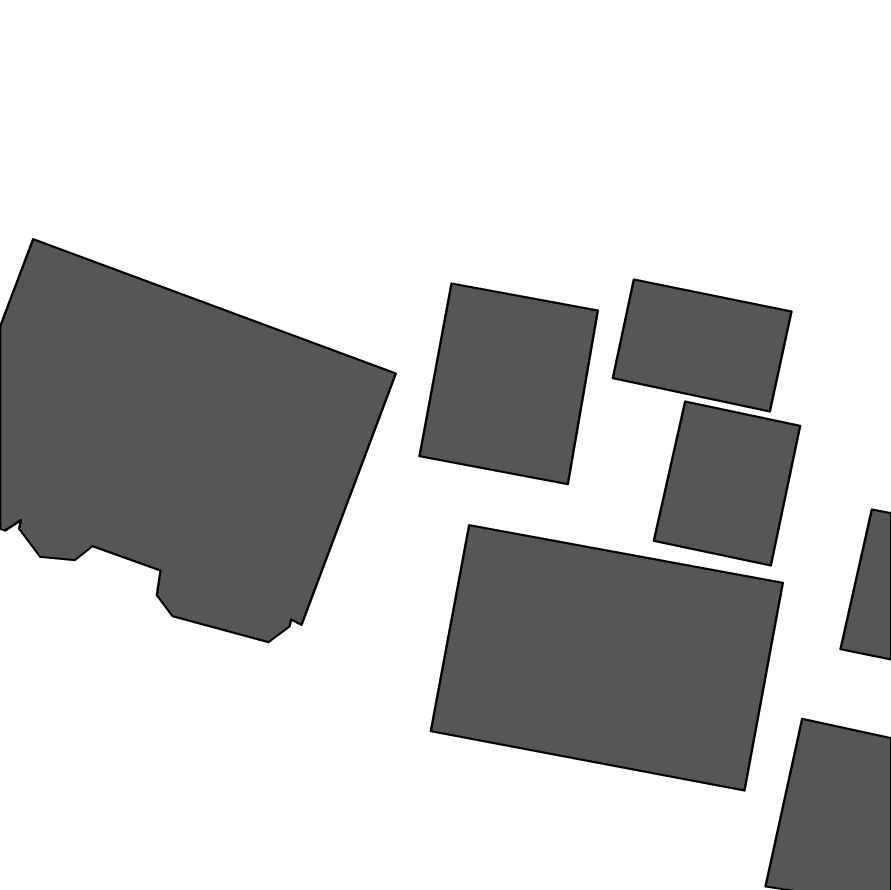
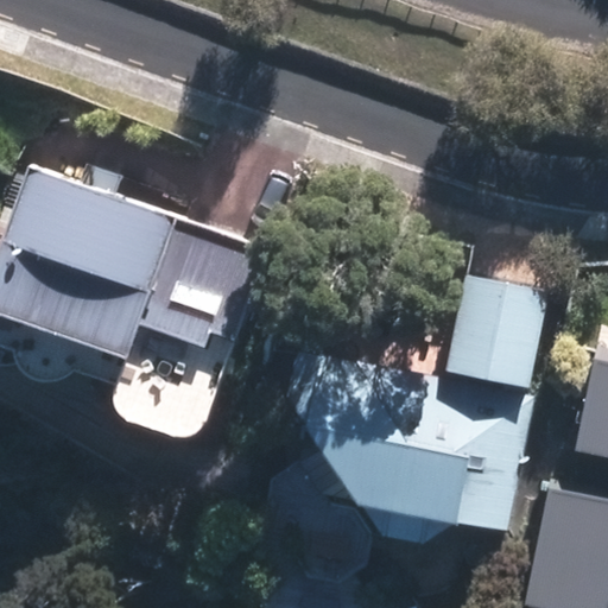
building: [613,279,791,412] -> none
building: [419,283,598,484] -> none

